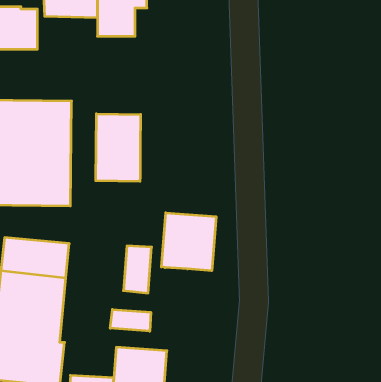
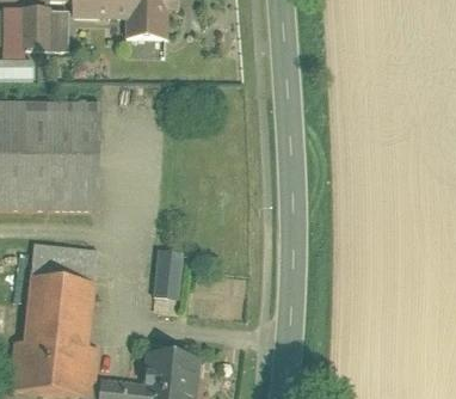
building: [96,114,141,181] -> none
building: [161,213,216,271] -> none
building: [110,309,151,331] -> none

